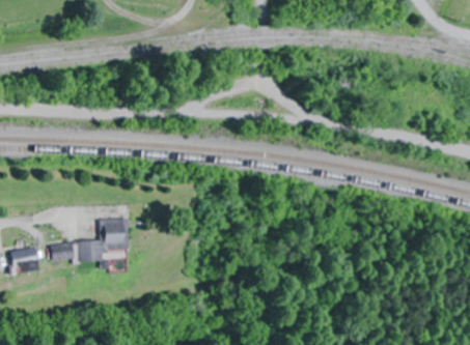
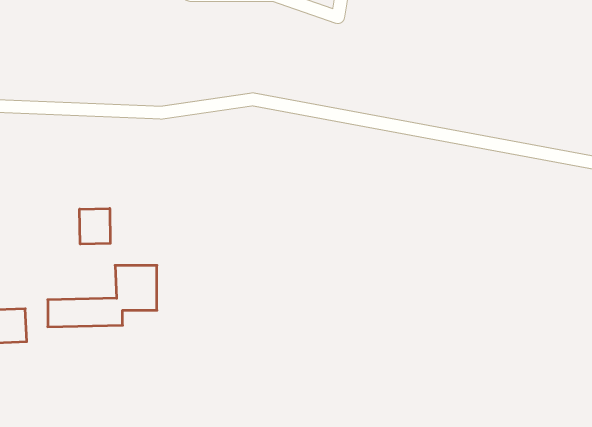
building: none -> [80,208,110,244]

